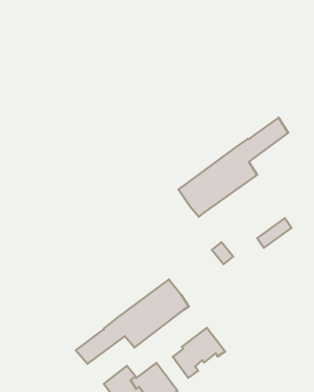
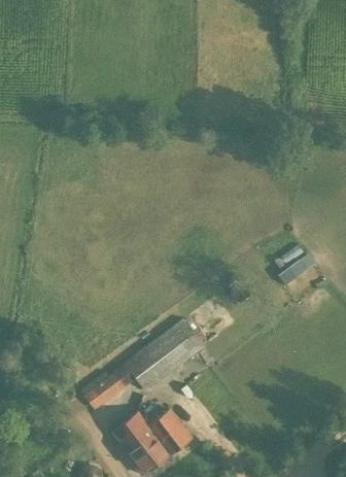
building: [179,118,288,217] -> none
building: [173,328,225,378] -> none

